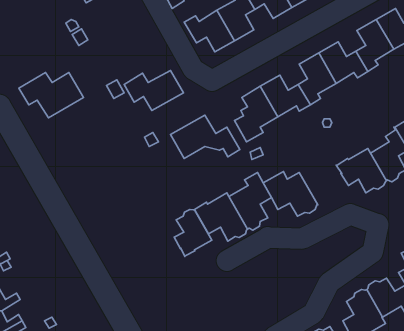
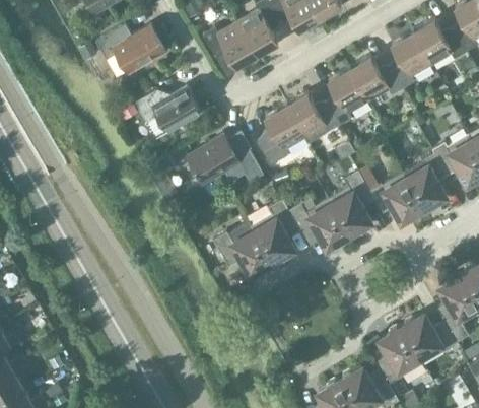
building: [19,72,84,118] -> [95,24,166,74]
building: none -> [328,171,374,234]
building: [174,210,212,256] -> none

